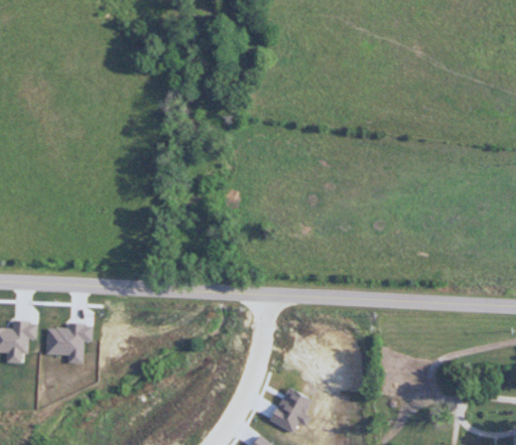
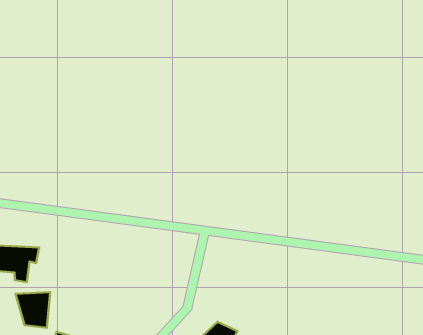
building: none -> [16,292,50,328]

